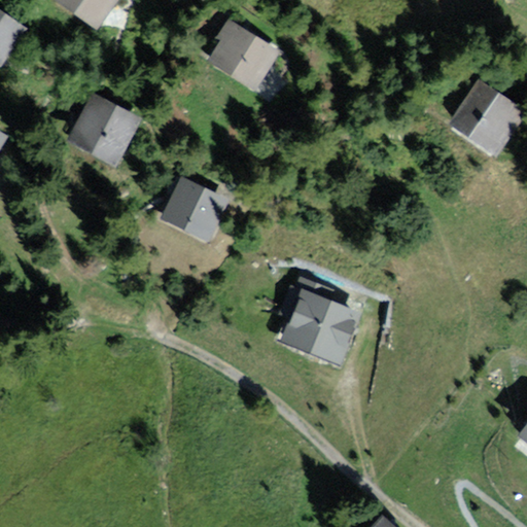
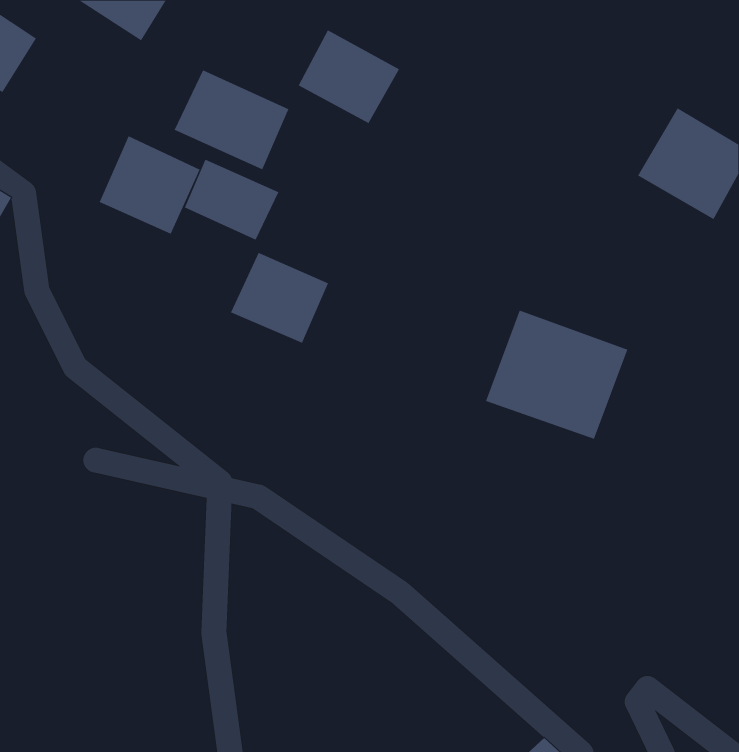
building: none -> [174,70,289,170]
building: none -> [184,159,279,241]
building: [262,281,362,372] -> [485,310,628,440]

